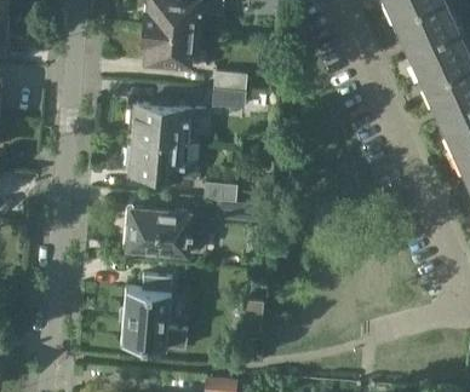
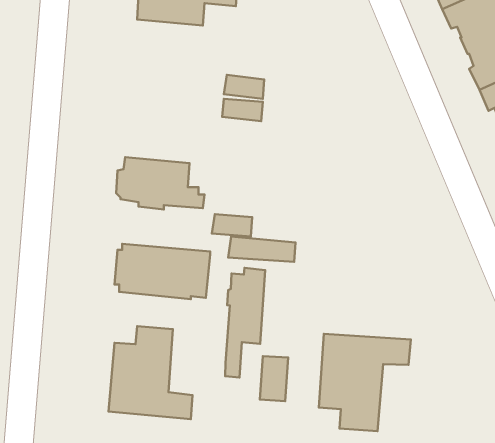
building: [142,29,211,69] -> none
building: [130,105,205,145] -> none
building: none -> [225,268,265,377]
building: none -> [319,334,411,431]

